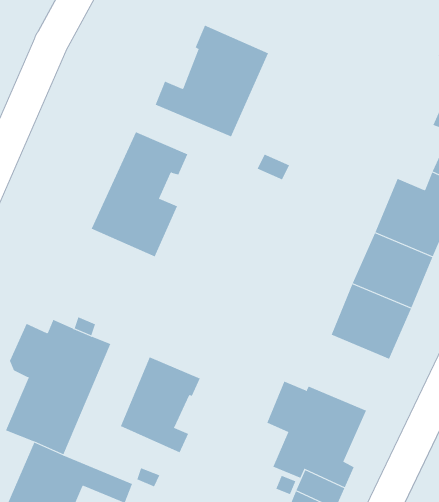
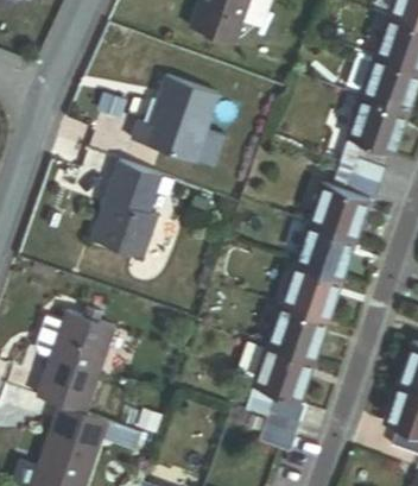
building: none -> [267,305,328,361]
building: [120,356,200,453] -> none

